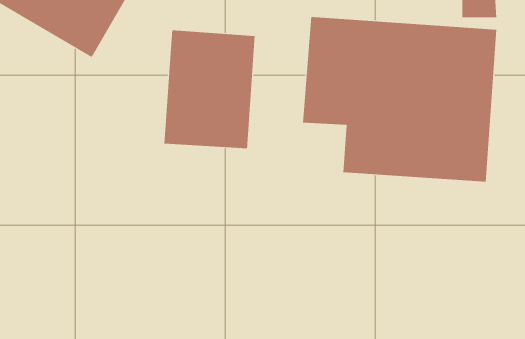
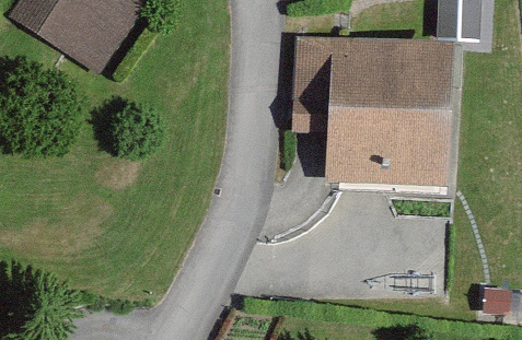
building: [164,29,255,149] -> none

